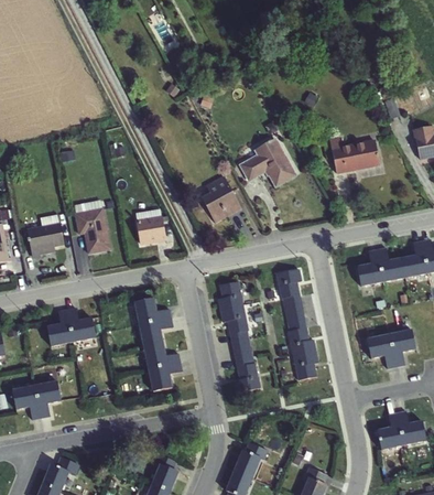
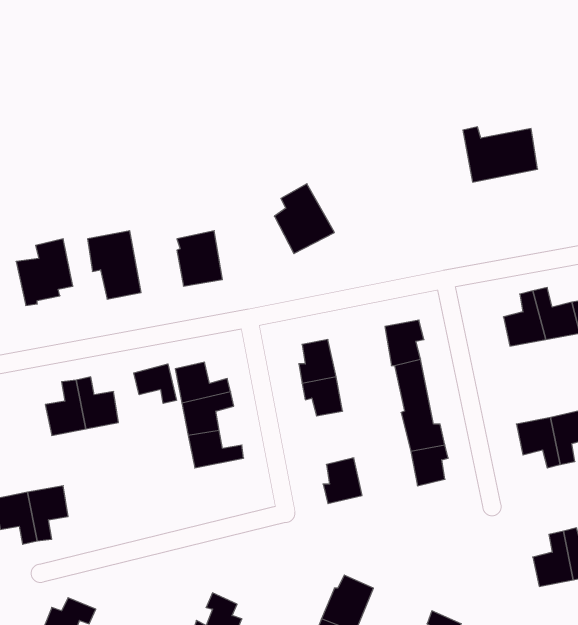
building: [237,137,296,187] -> none
building: none -> [134,364,176,403]
building: [229,330,253,366] -> none
building: [147,362,182,391] -> none

